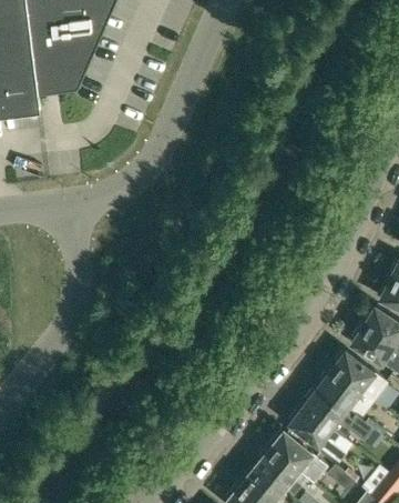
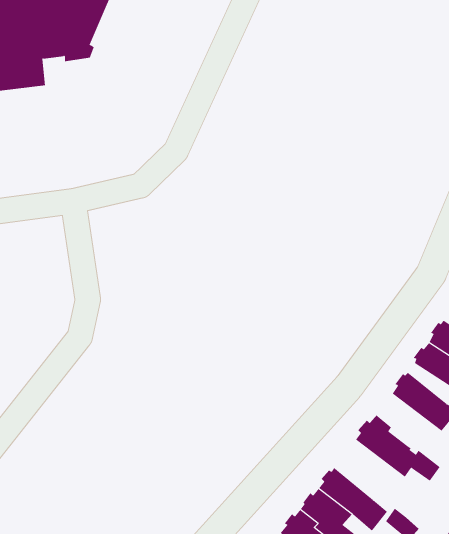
building: [319,368,375,416] -> none
building: [288,406,347,462] -> none

